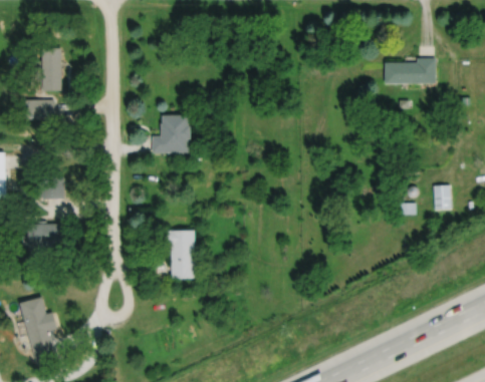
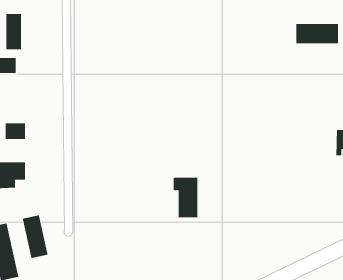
building: [152,115,190,151] -> none
building: [165,230,195,278] -> [173,177,198,218]
building: none -> [22,215,48,259]

